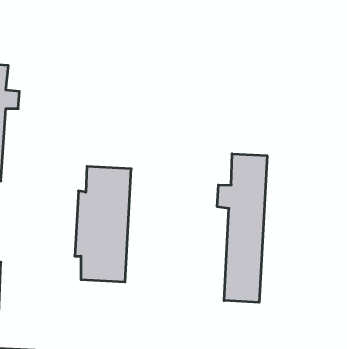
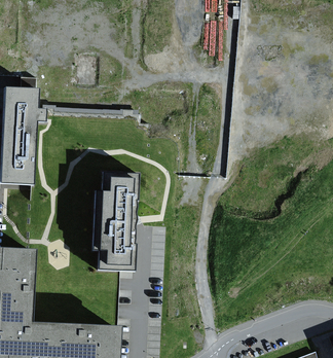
building: [217,154,267,302] -> none

